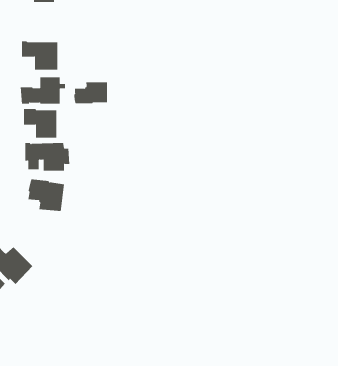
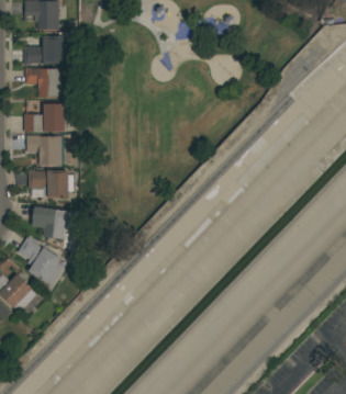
building: none -> [24,33,64,63]
building: [74,81,108,104] -> none
building: none -> [16,235,63,284]

